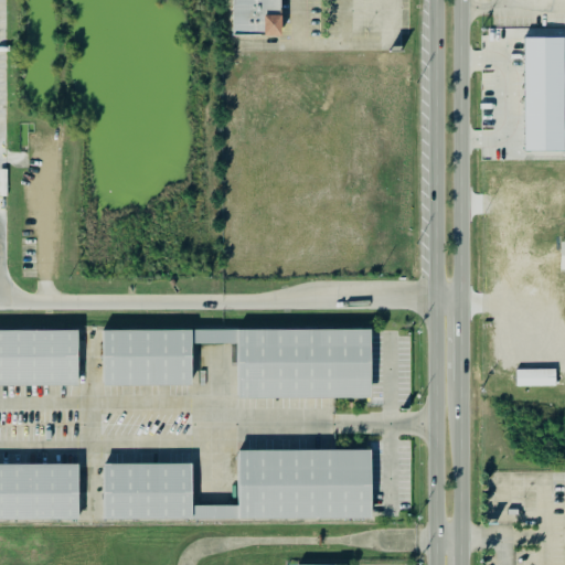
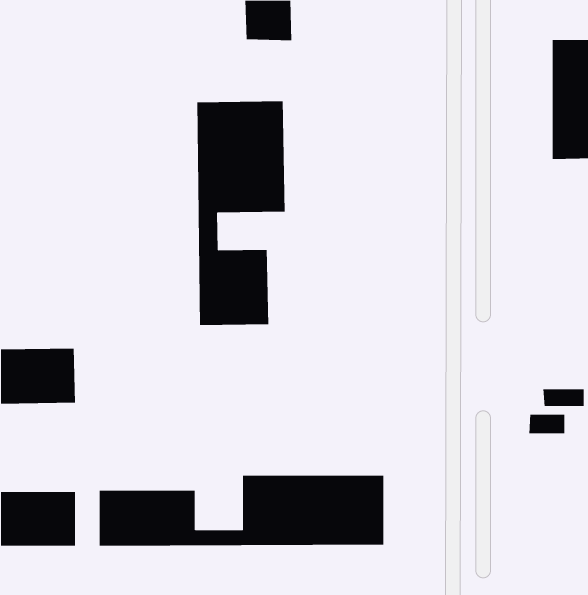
building: none -> [197,101,285,326]
building: [99,328,371,396] -> none
building: none -> [529,414,565,434]

